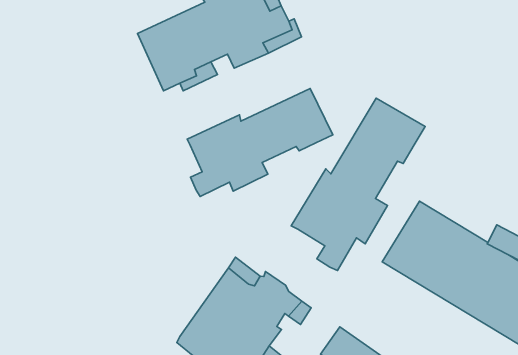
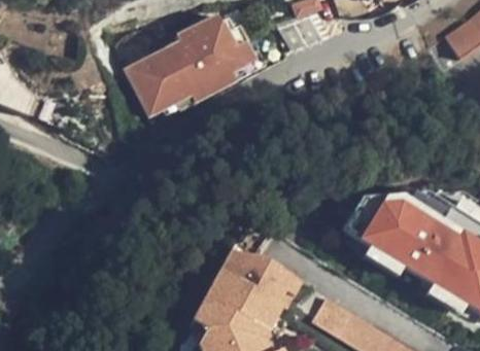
building: [187,88,333,197] -> none
building: [291,98,425,271] -> none

